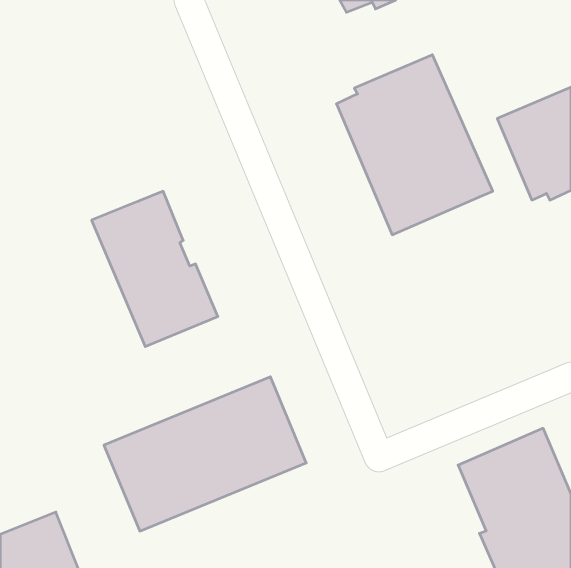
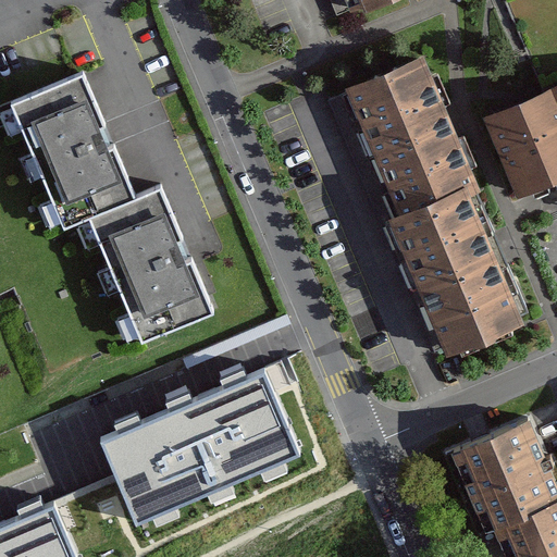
building: none -> [11,73,135,228]
building: none -> [382,195,522,354]

